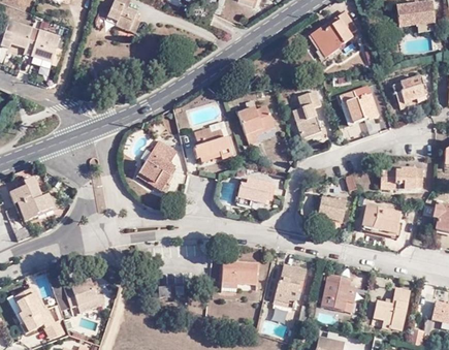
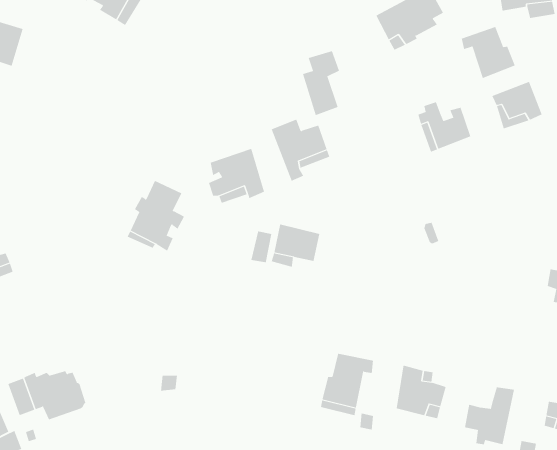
building: none -> [461,26,516,79]
building: [293,92,320,138] -> [302,50,340,116]
building: [379,168,423,192] -> none
building: [318,199,348,221] -> none
building: [363,209,402,233] -> none
building: [219,260,259,291] -> none

